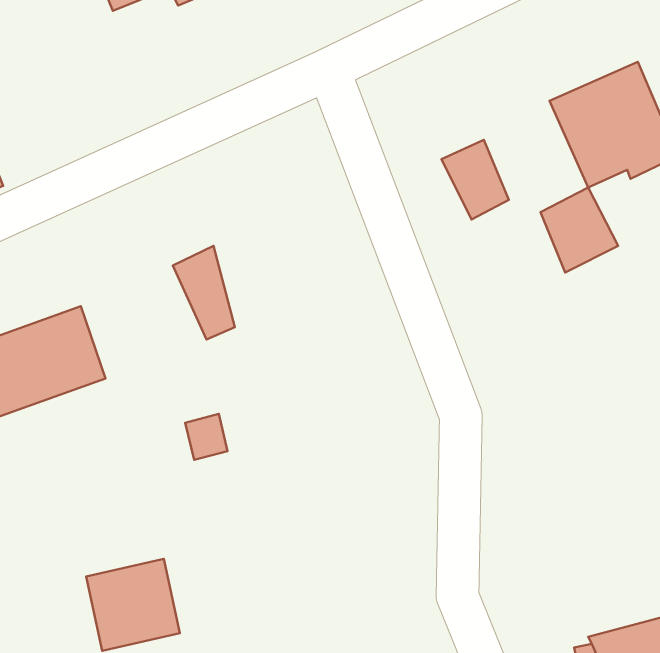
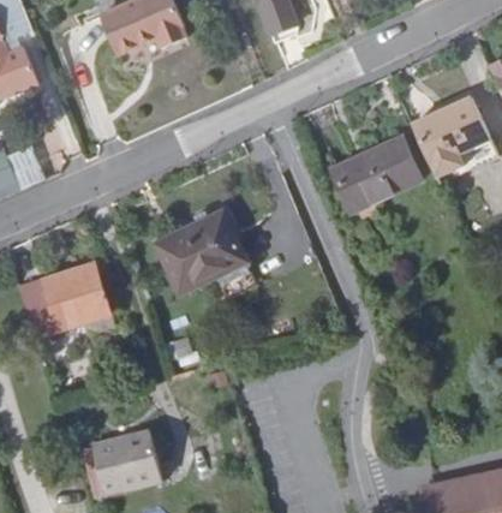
building: [540,188,618,272] -> [367,132,420,190]
building: none -> [184,203,257,286]

